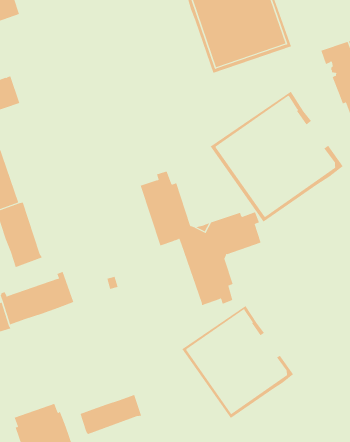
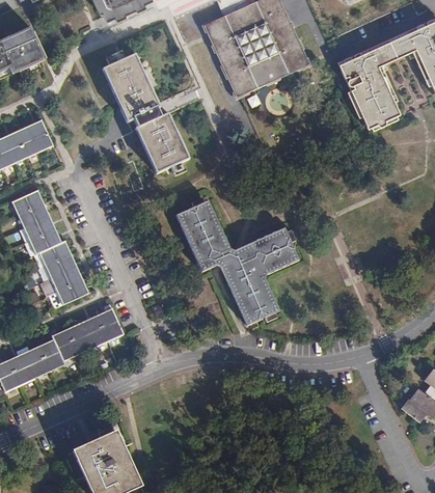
building: none -> [102,54,188,173]
building: [210,91,343,223] -> none
building: [181,305,294,419] -> none
building: [80,394,142,435] -> none

